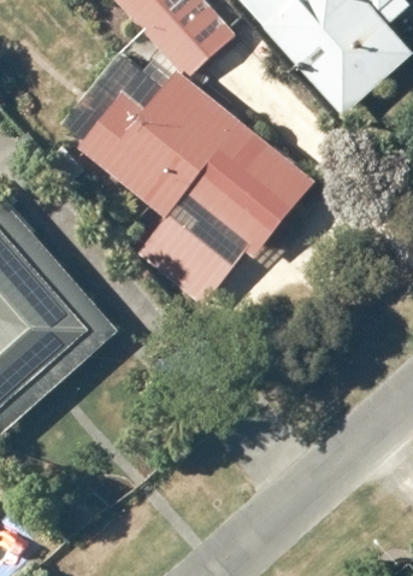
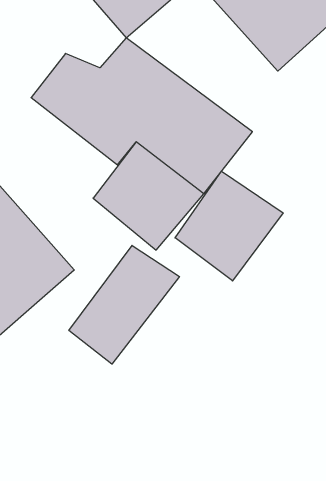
building: none -> [175,171,283,281]
building: none -> [69,245,179,364]

